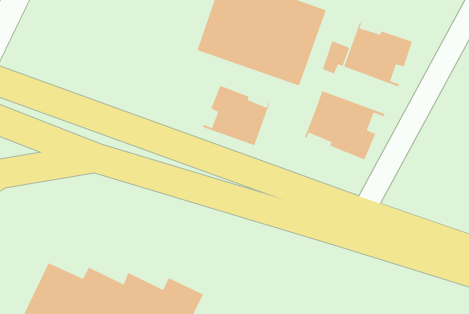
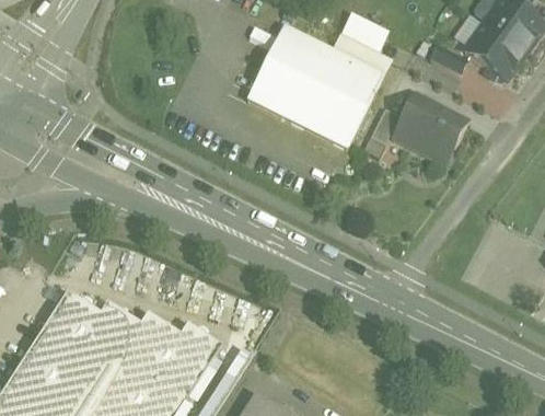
building: [202,85,270,146] -> none
building: [304,90,385,160] -> none

